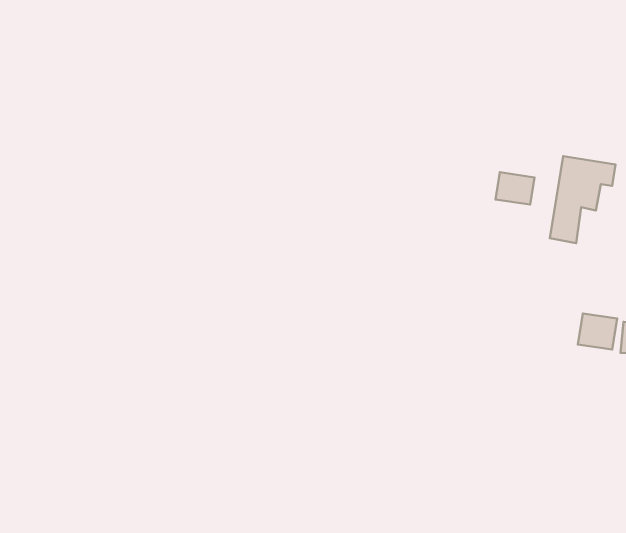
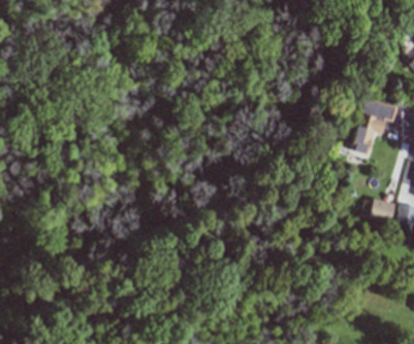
building: [496,172,535,205] -> none

